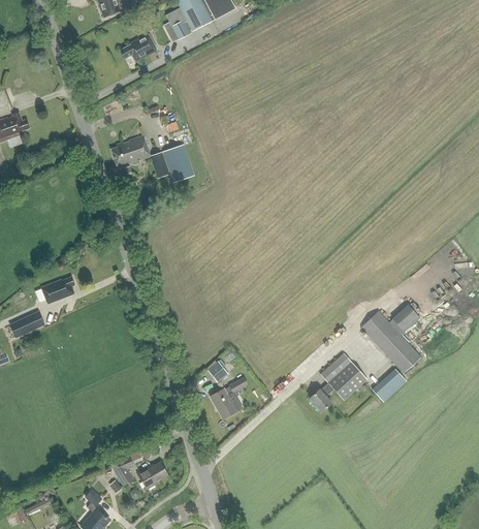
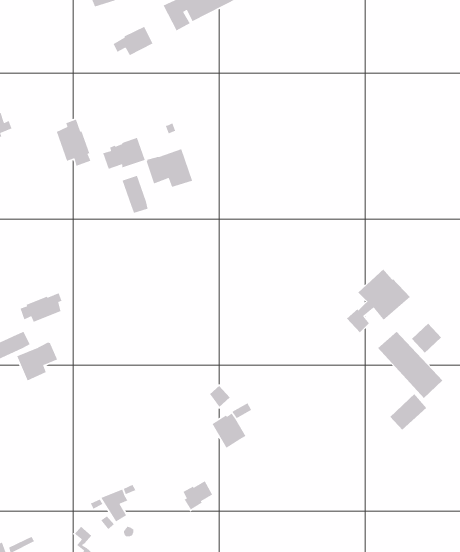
building: none -> [56,119,91,167]
building: none -> [121,175,149,214]
building: none -> [16,341,58,382]
building: [309,352,368,411] -> [346,269,411,333]
building: [139,461,167,489] -> [183,480,213,511]

